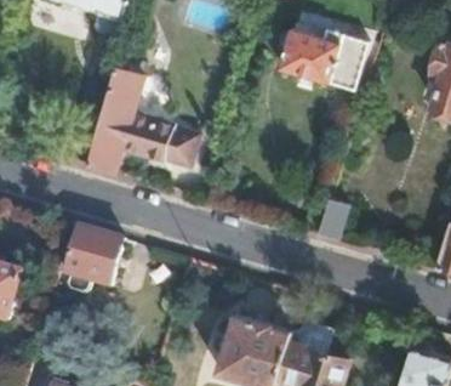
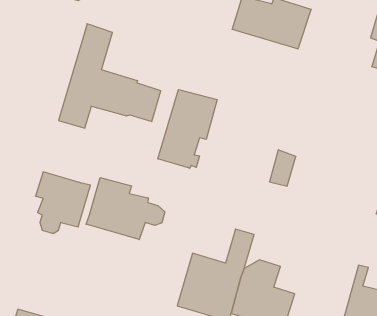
building: none -> [158,90,217,168]
building: none -> [86,178,165,240]

